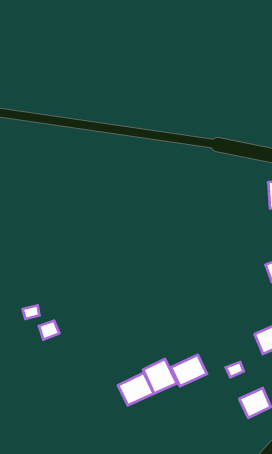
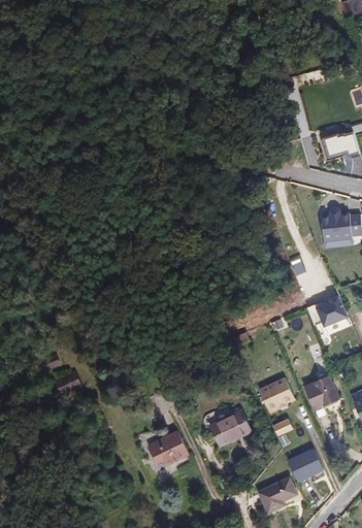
building: none -> [258,378,294,412]
building: [143,359,177,394] -> none
building: none -> [258,478,296,514]

